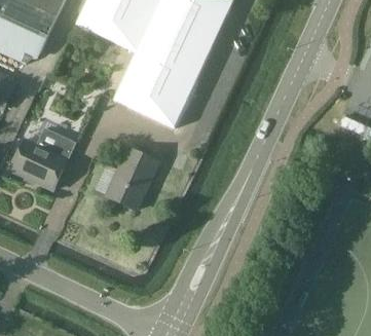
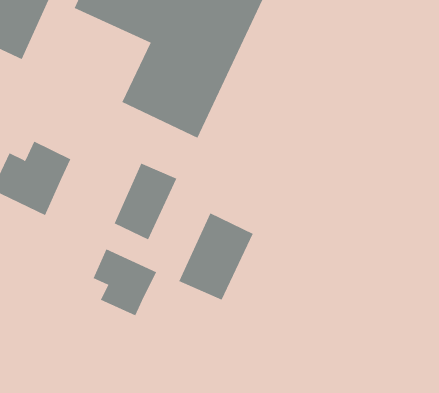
building: none -> [179,213,253,300]
building: none -> [93,249,157,316]

